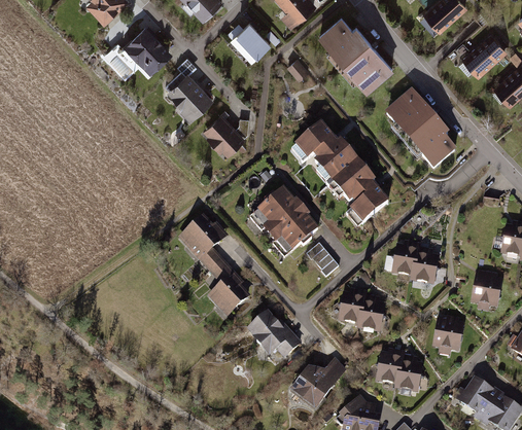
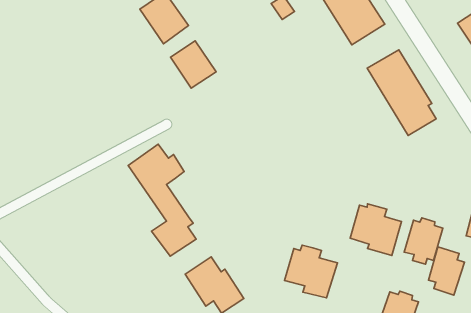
building: [292,121,386,225] -> none
building: [252,188,318,255] -> none
building: [307,242,339,276] -> none
building: none -> [404,218,443,264]

